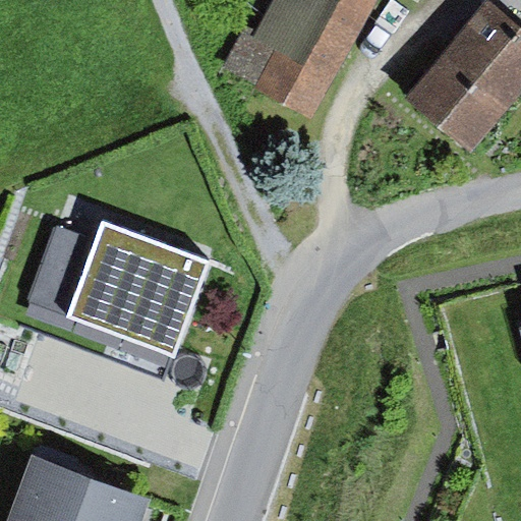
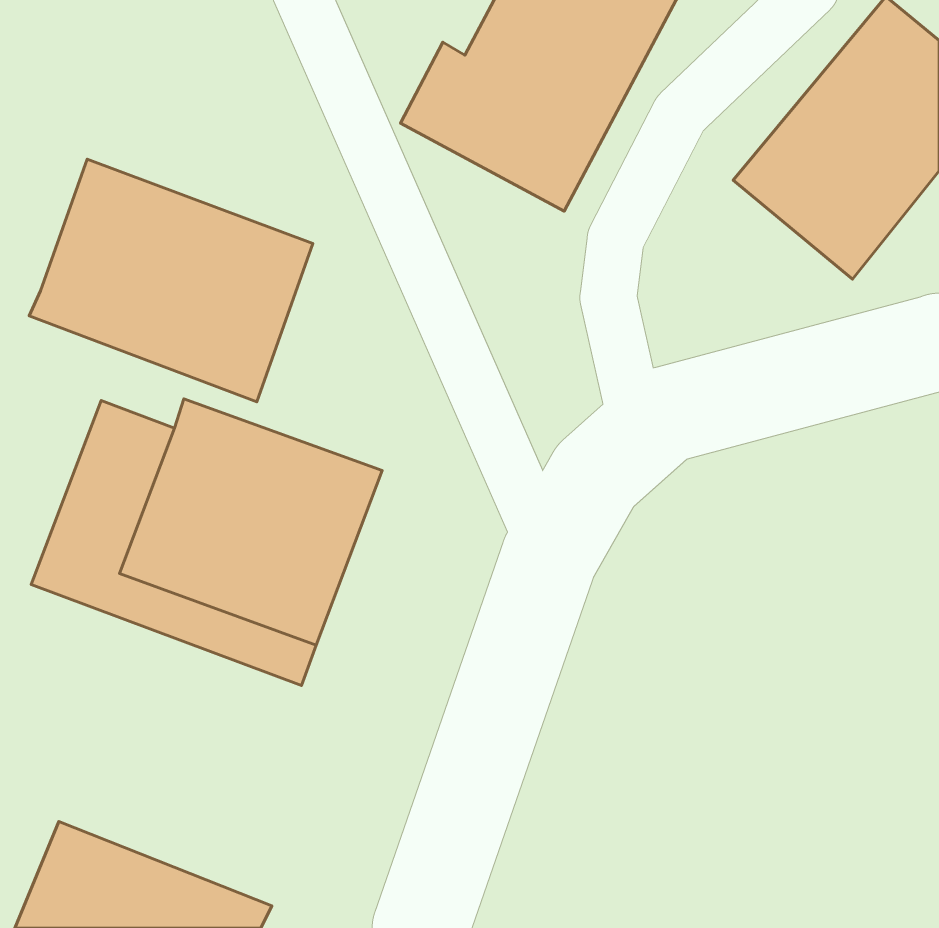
building: none -> [29,159,313,402]

